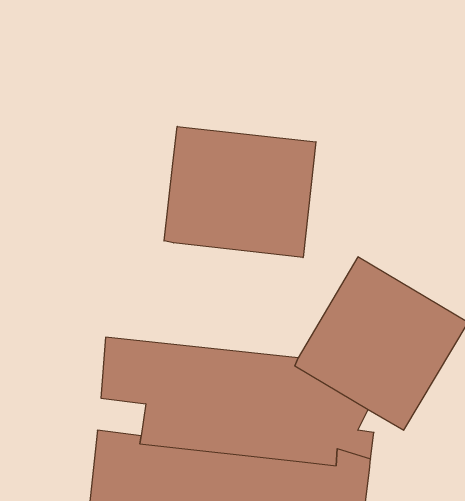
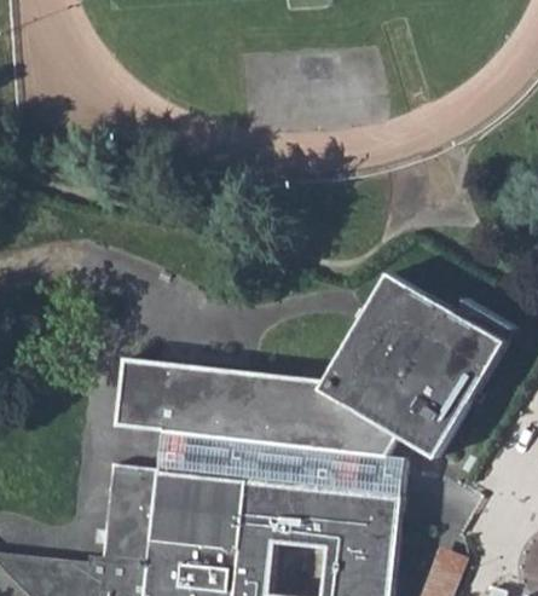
building: [164,126,316,258] -> none

